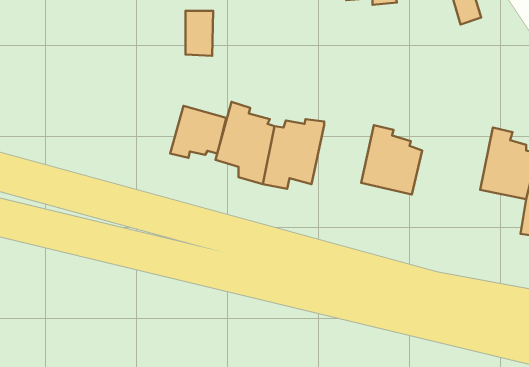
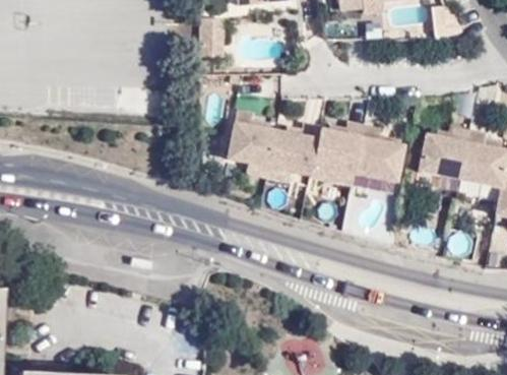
building: [170,106,226,158] -> none
building: none -> [310,121,365,186]
building: none -> [415,121,469,181]

